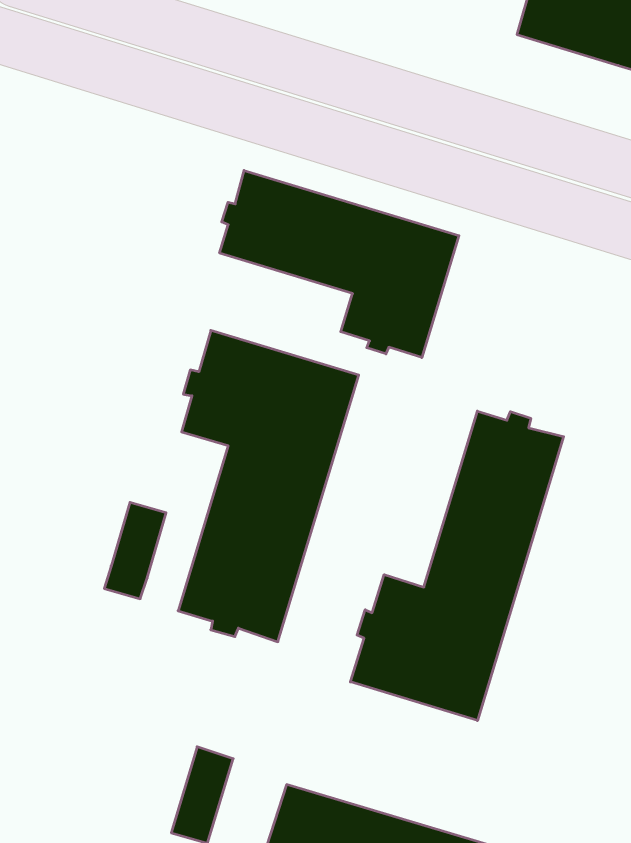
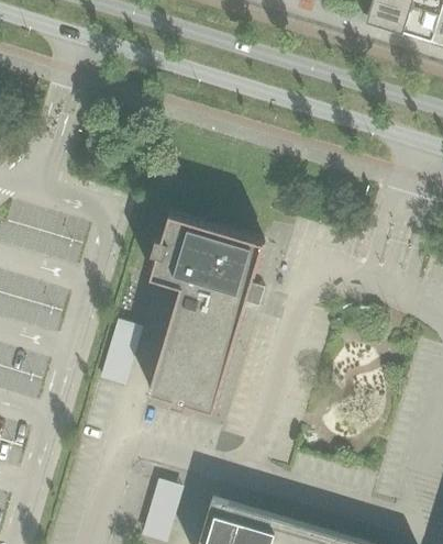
building: [220,170,459,358] -> none
building: [350,411,564,721] -> none

